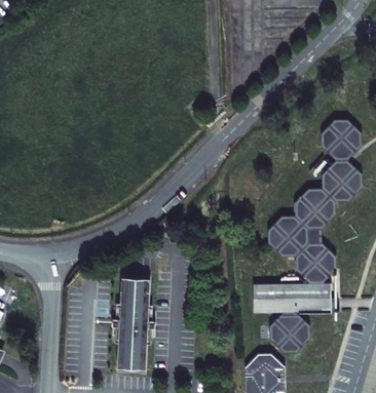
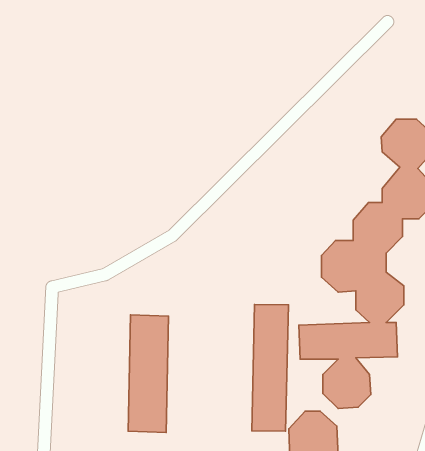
building: none -> [252,305,288,431]

